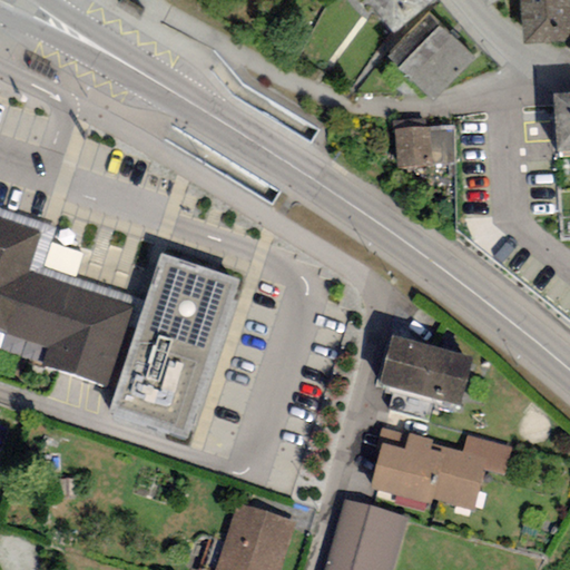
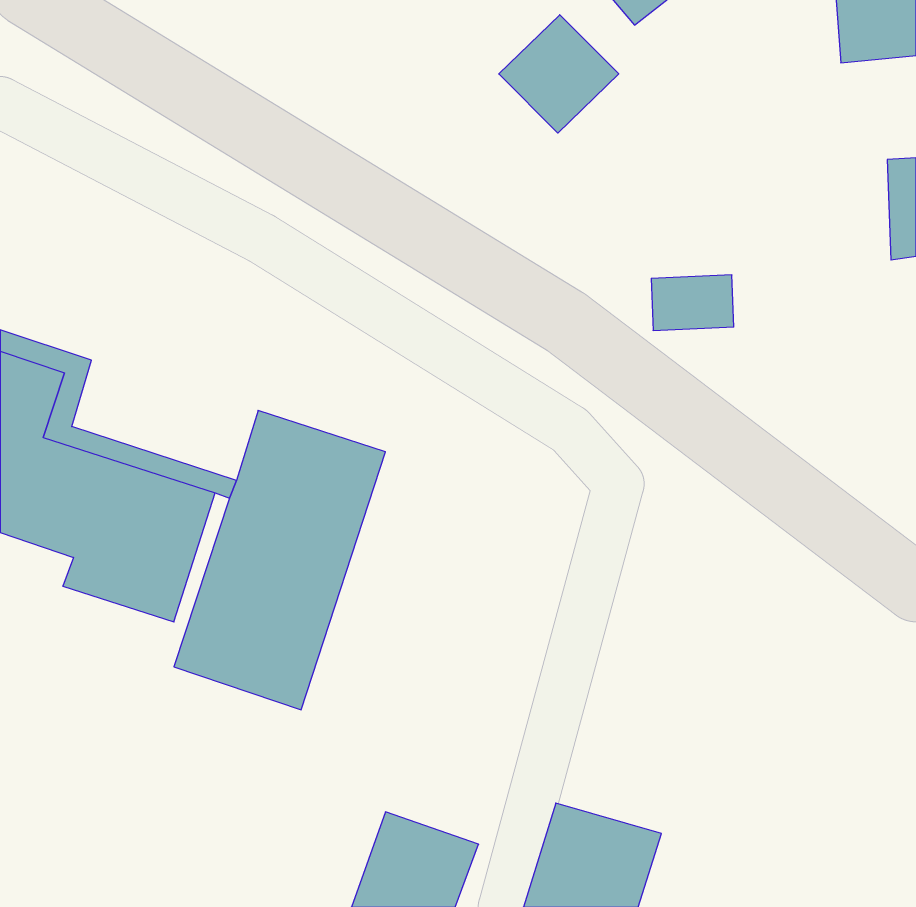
building: [392,11,466,85] -> [499,15,619,133]
building: [399,129,450,164] -> [651,275,734,330]
building: [379,338,472,410] -> none
building: [370,433,512,509] -> none

